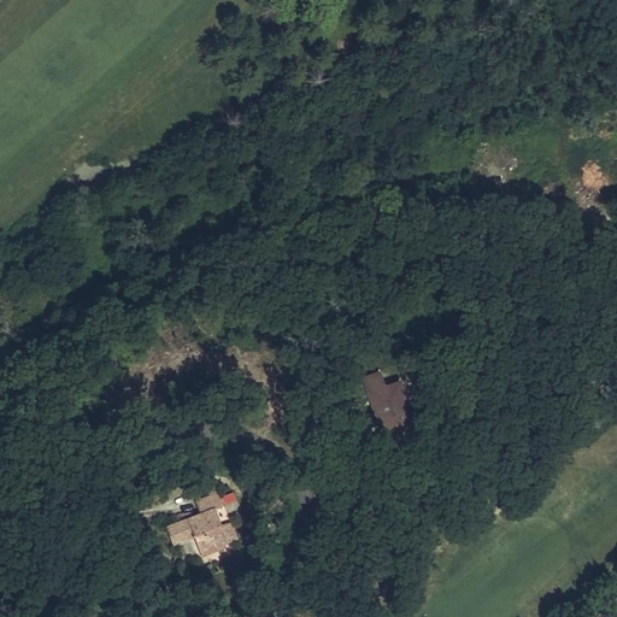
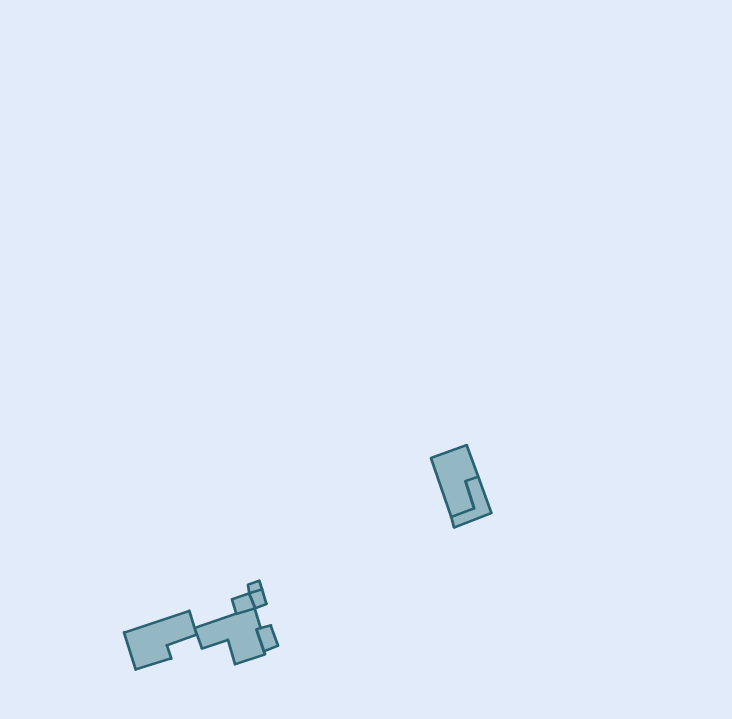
building: none -> [124,611,196,670]

